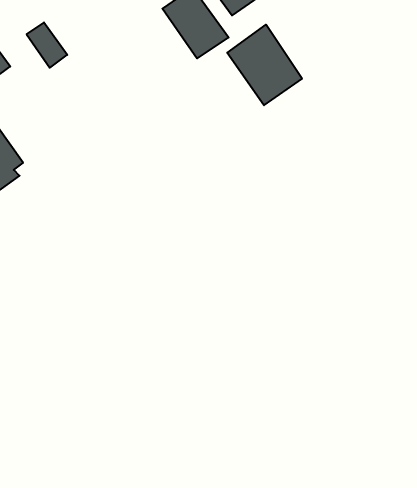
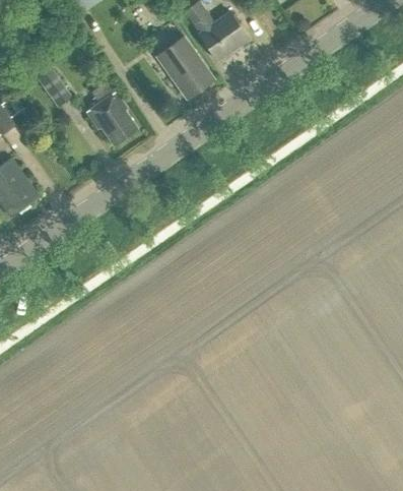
building: [227,25,302,105] -> none
building: none -> [86,81,137,145]

